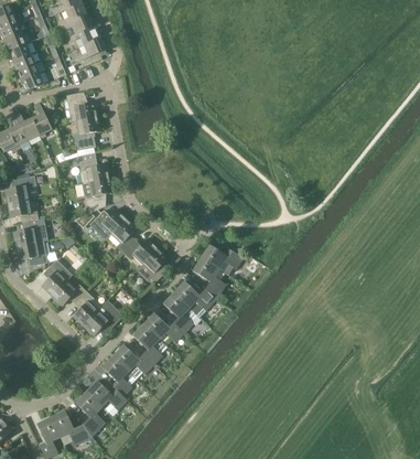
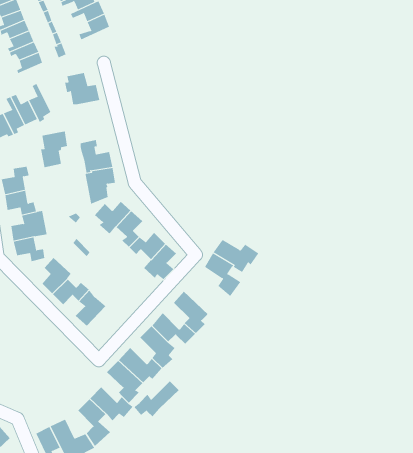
building: [73,116,98,150] -> [40,131,68,168]
building: [173,280,216,316] -> none
building: [84,306,117,334] -> none
building: none -> [134,380,180,417]

